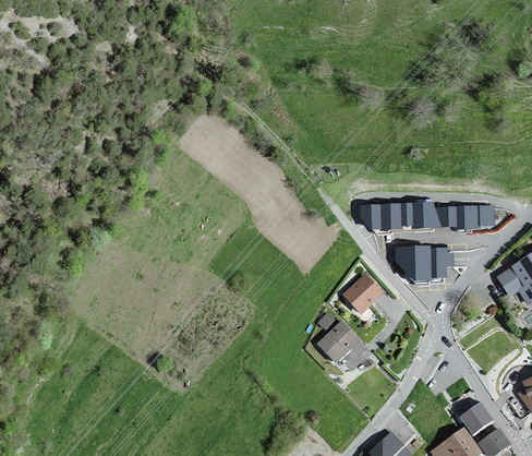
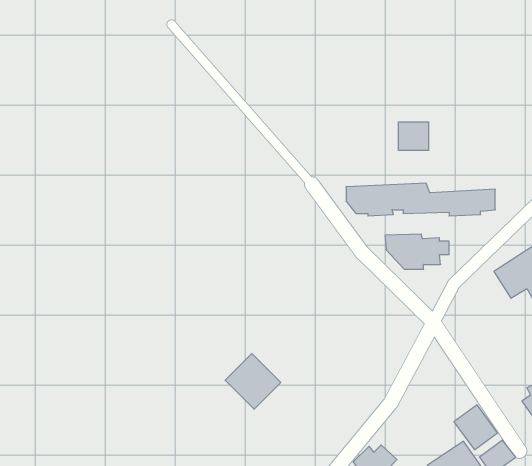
building: none -> [399,122,429,150]
building: [341,272,387,317] -> none
building: [313,317,363,368] -> [225,354,281,409]

